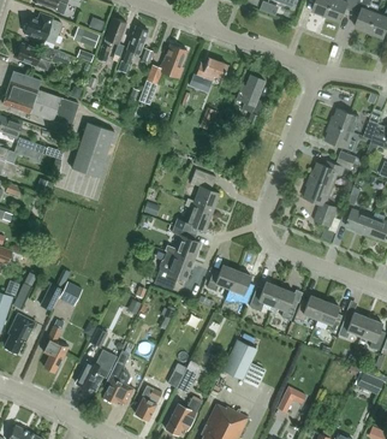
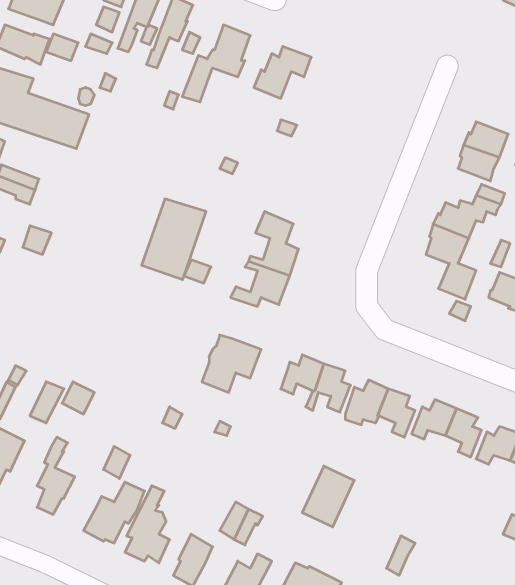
building: [236,75,264,137] -> none
building: [71,123,114,177] -> [142,199,206,280]
building: [171,226,201,261] -> none

